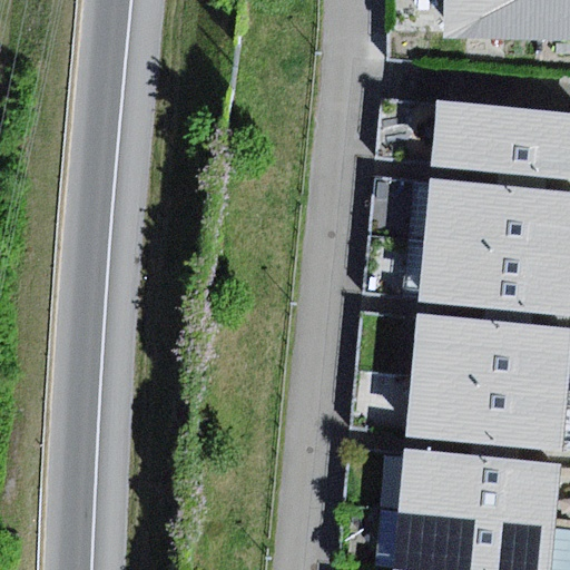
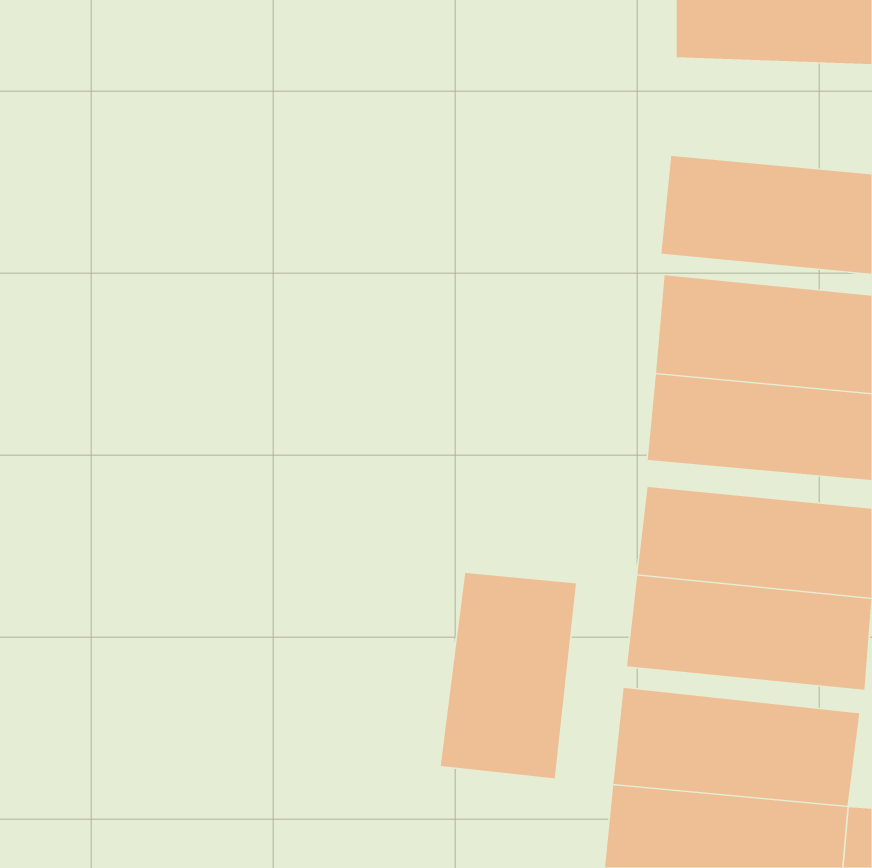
building: none -> [440,572,577,779]

